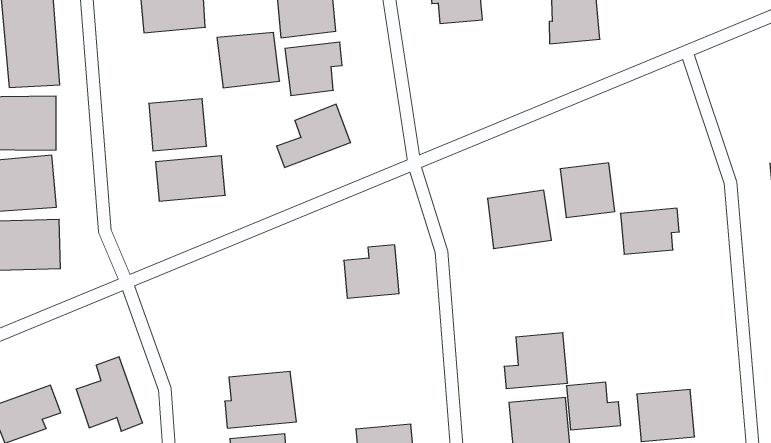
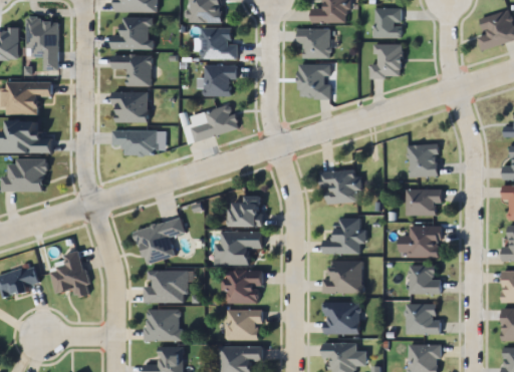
building: none -> [299,63,330,98]
building: [217,33,280,88] -> [114,55,152,87]
building: [560,163,615,218] -> [408,144,440,176]
building: none -> [324,218,362,254]
building: none -> [410,226,441,257]
building: none -> [137,219,185,264]
building: none -> [215,232,264,264]
building: none -> [225,270,262,303]
building: [566,382,621,430] -> [410,266,442,294]

